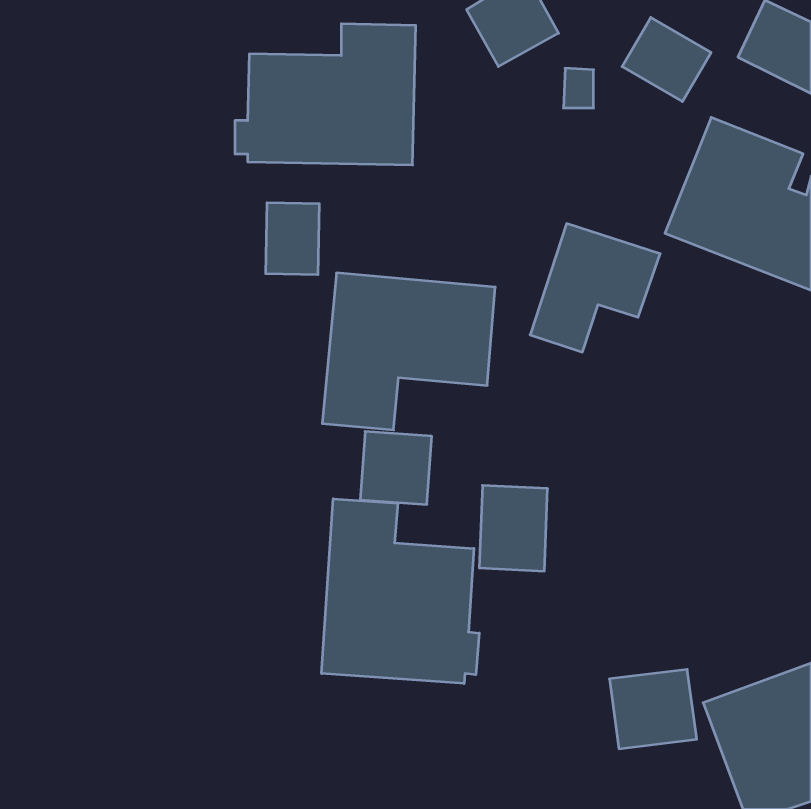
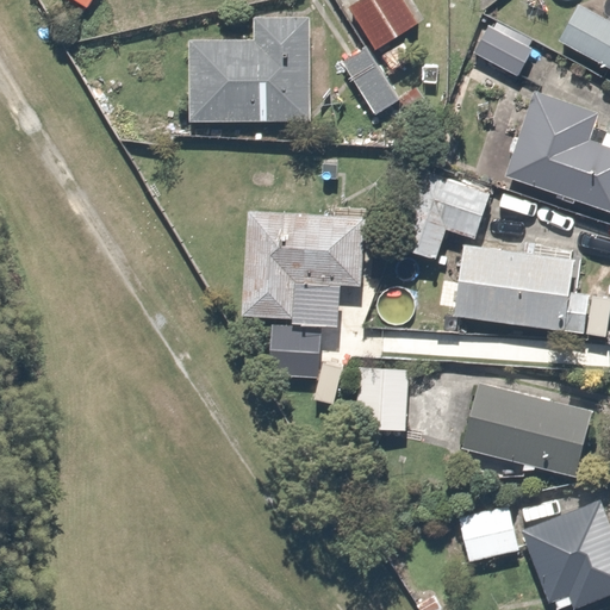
building: none -> [338,45,400,117]
building: [266,203,319,275] -> none
building: none -> [453,242,591,334]
building: [322,499,479,684] -> none
building: none -> [460,379,592,479]

